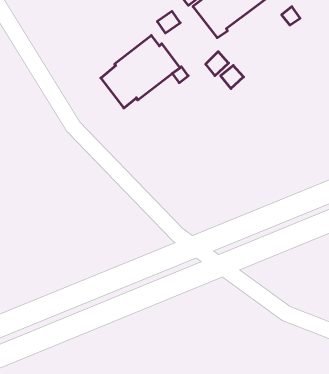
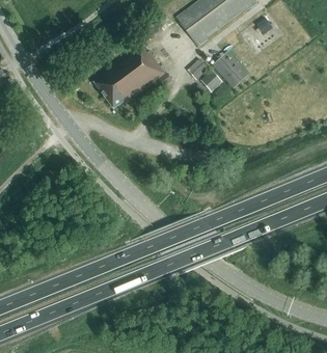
building: none -> [212,51,249,88]

